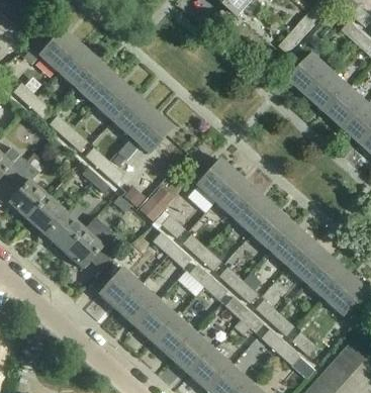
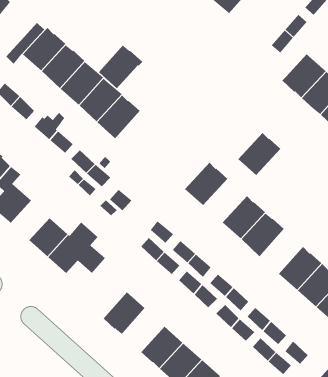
building: [128,109,172,153] -> [98,44,143,89]
building: [213,175,256,217] -> [237,132,281,176]
building: [140,186,173,220] -> none
building: [27,196,65,234] -> none
building: [268,223,310,267] -> none
building: [97,255,140,310] -> none
building: [134,300,176,342] -> none

